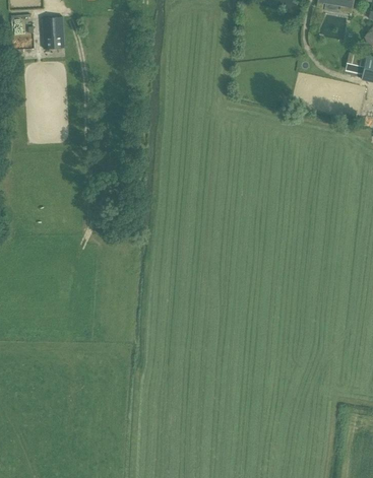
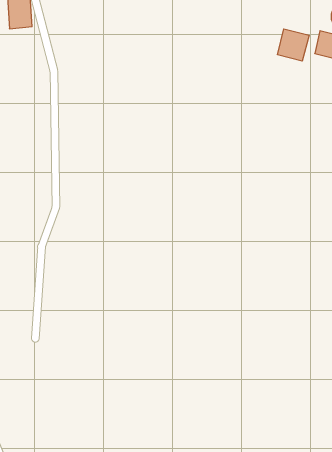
building: none -> [278,29,309,61]

